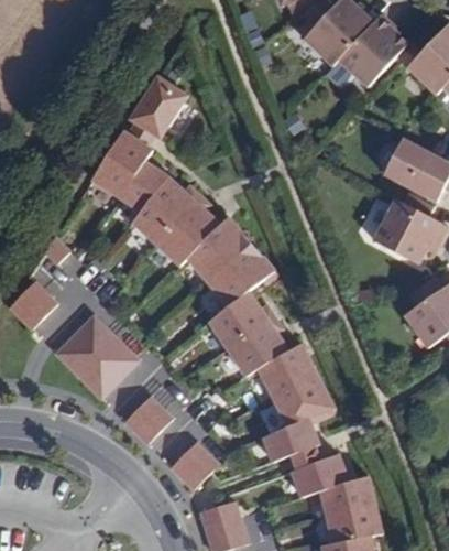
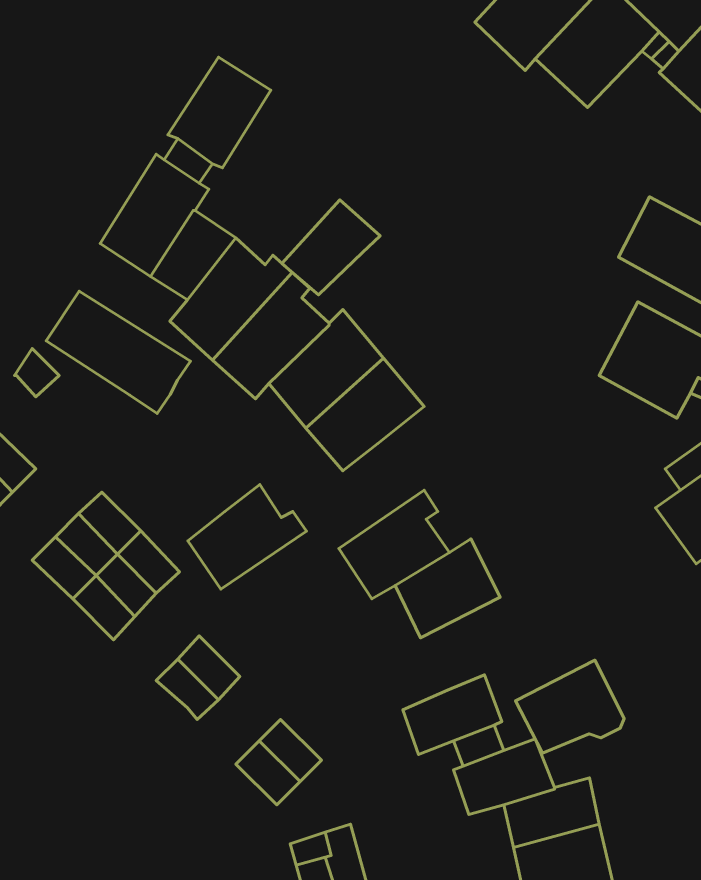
building: none -> [282,200,380,295]
building: none -> [46,291,190,413]
building: [208,284,275,344] -> [188,484,306,589]
building: [273,371,335,424] -> [515,660,624,753]

